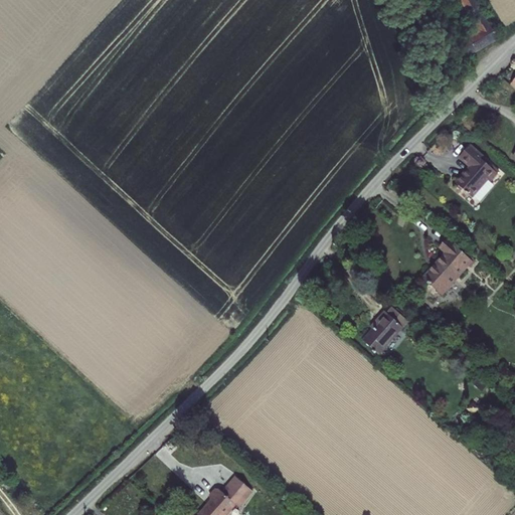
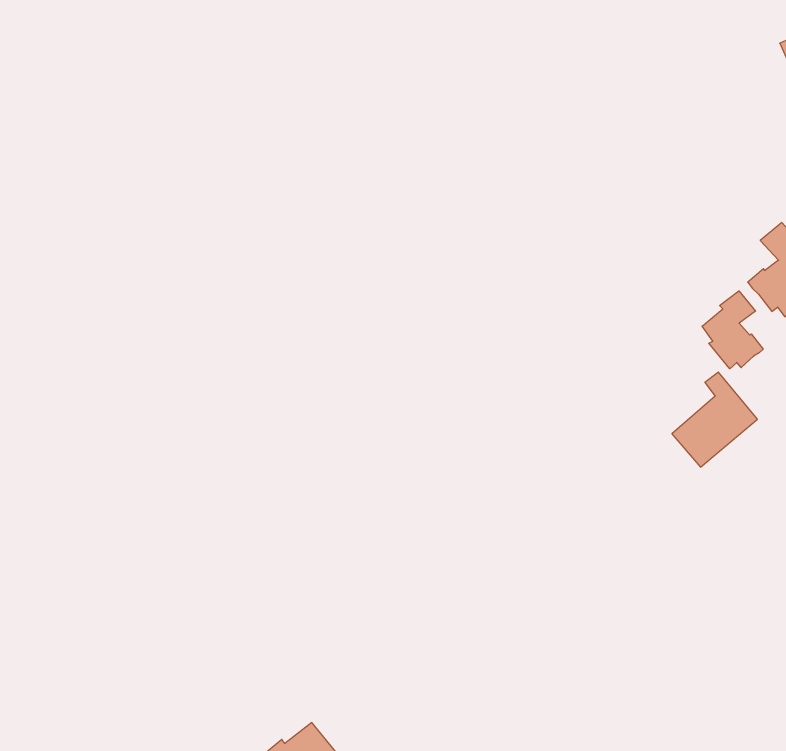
building: none -> [702,291,763,369]
building: [363,308,405,355] -> none

